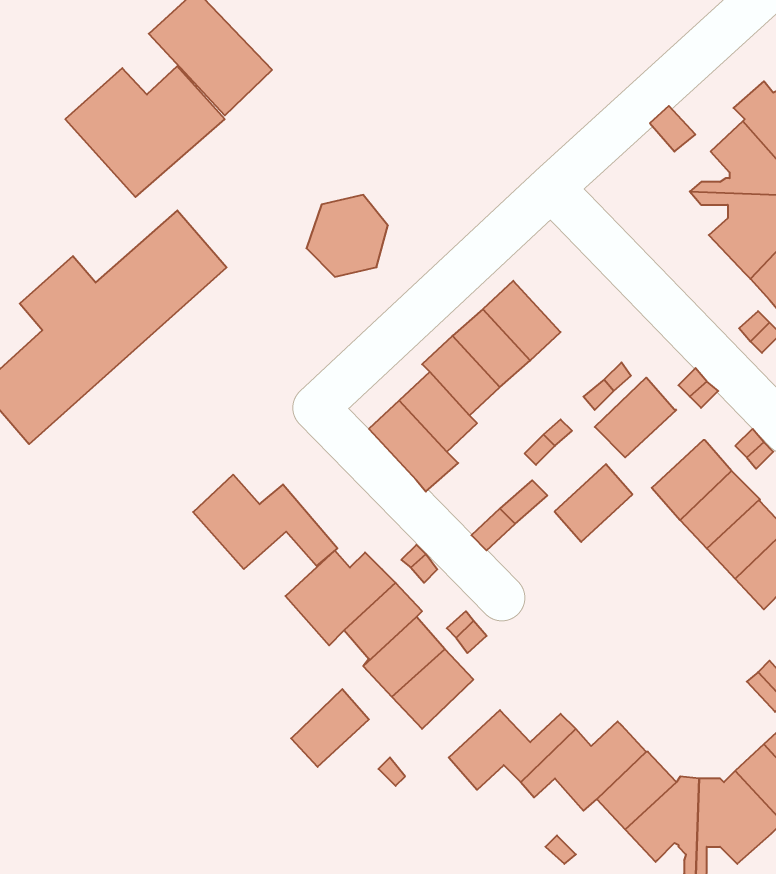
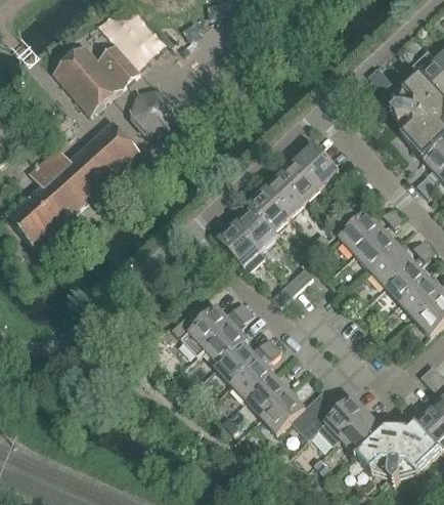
building: [306,195,388,277] -> [131,89,175,133]
building: none -> [296,142,339,186]
building: [555,464,632,542] -> [356,228,398,270]
building: [193,475,337,569] -> none
building: [291,689,369,767] -> [247,374,288,416]

